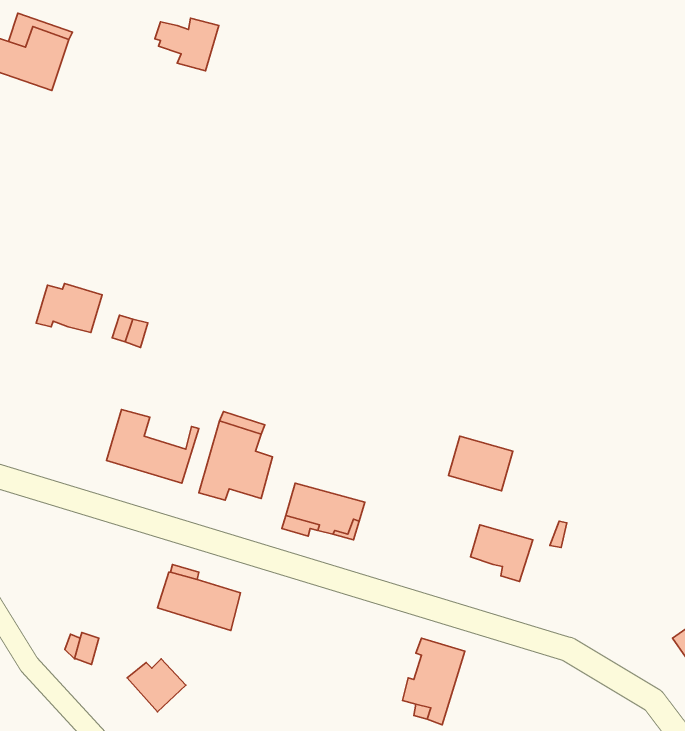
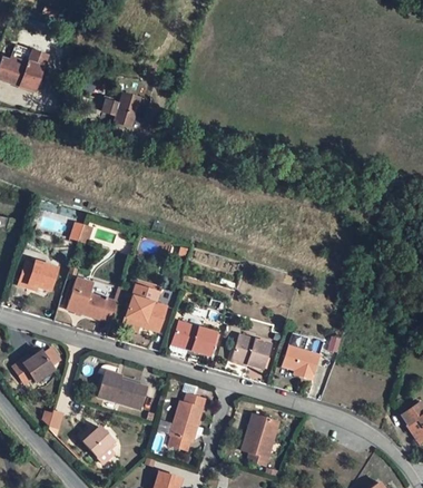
building: [155,18,219,71] -> [101,94,139,125]
building: [36,283,102,333] -> [18,261,57,290]
building: [449,436,513,491] -> [232,335,269,368]
building: none -> [13,348,60,383]
building: none -> [168,393,204,449]

